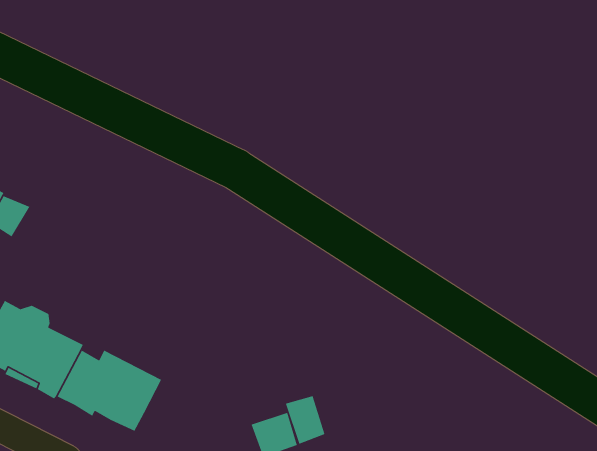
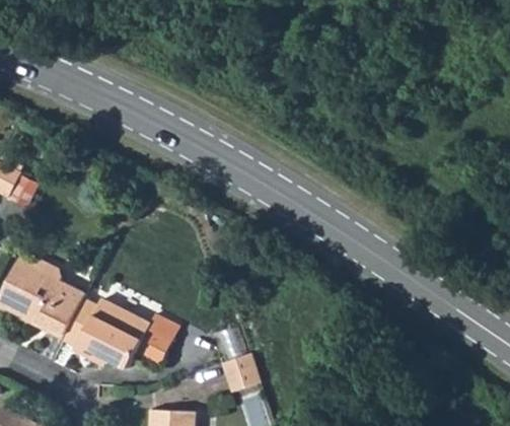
building: none -> [134,313,176,363]
building: [285,395,326,445] -> none

